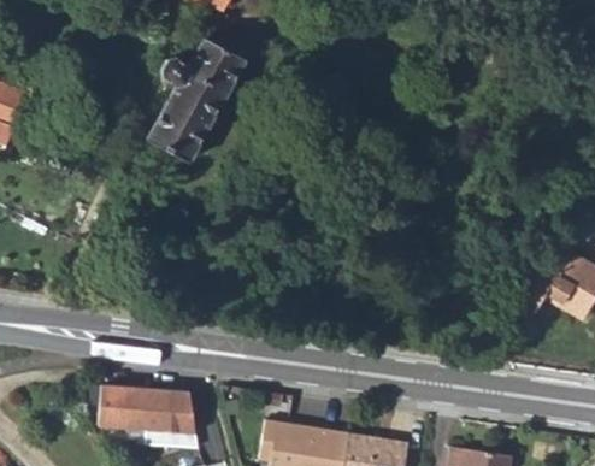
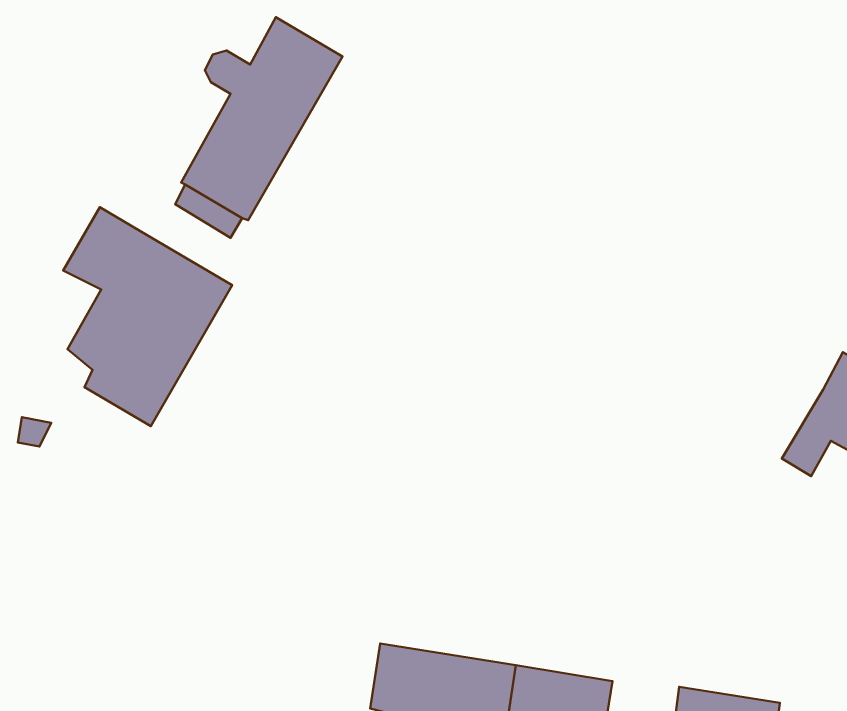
building: none -> [63,207,232,426]
building: [99,387,198,447] -> none

